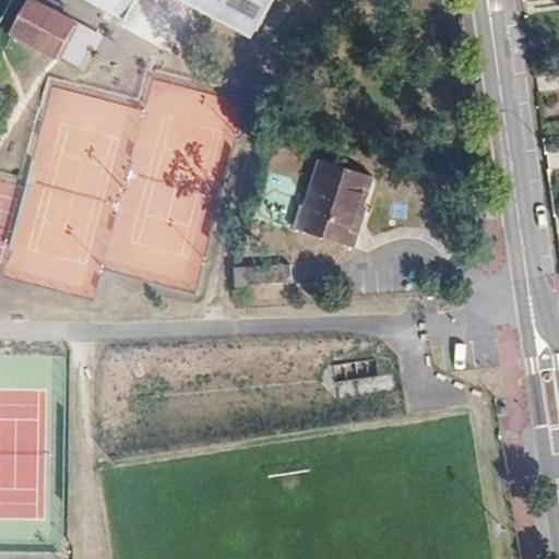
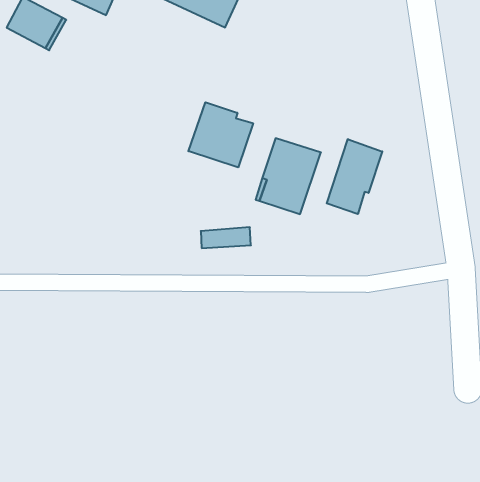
building: none -> [188,102,253,167]
building: none -> [327,139,382,214]

